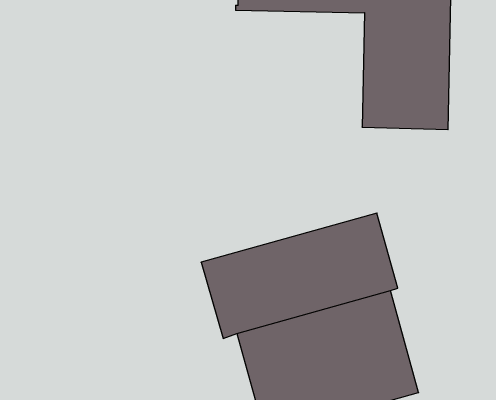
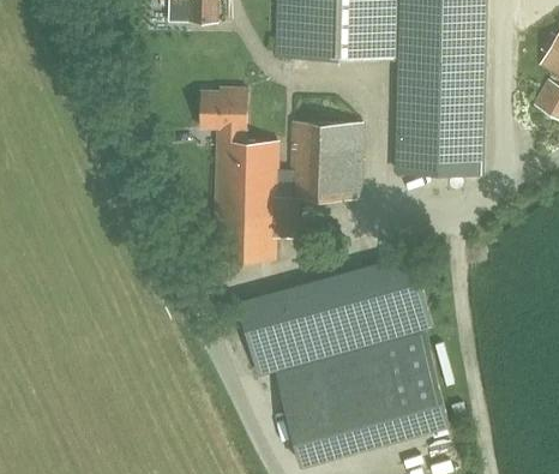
building: none -> [199,88,360,259]

